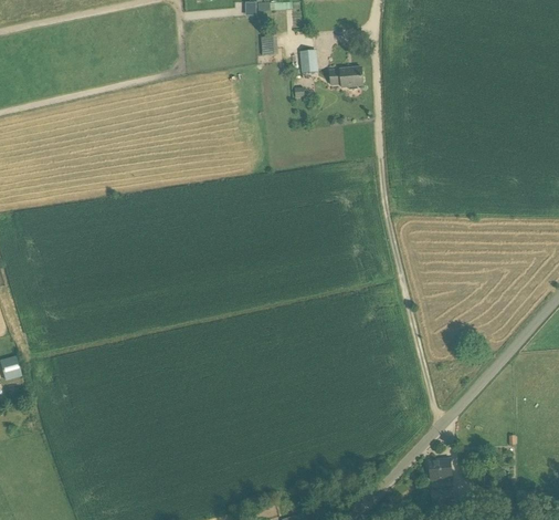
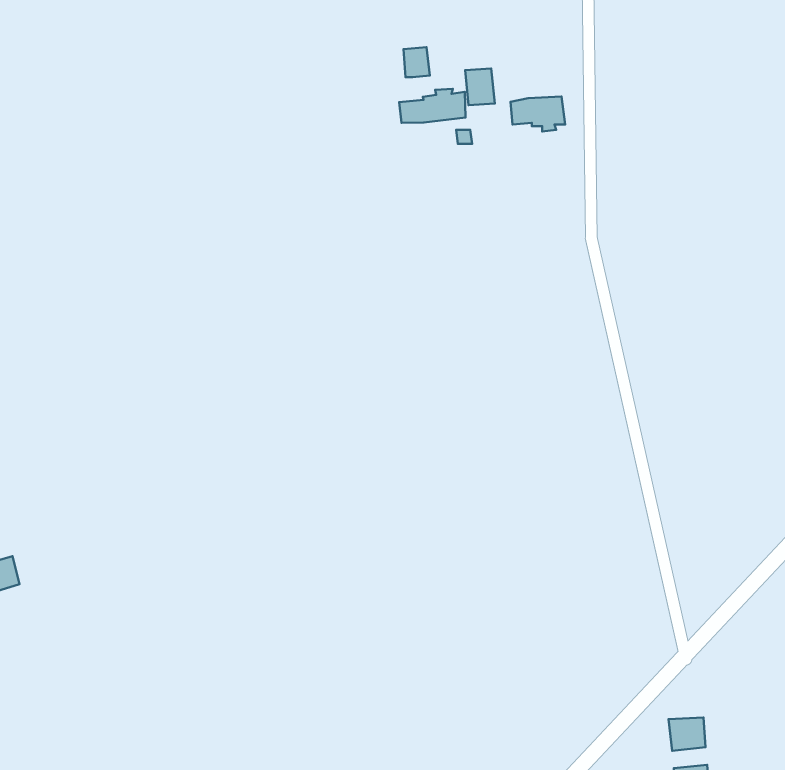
building: none -> [399,89,466,123]

